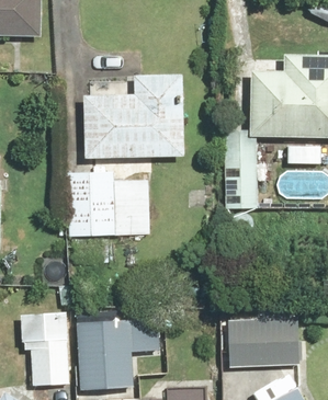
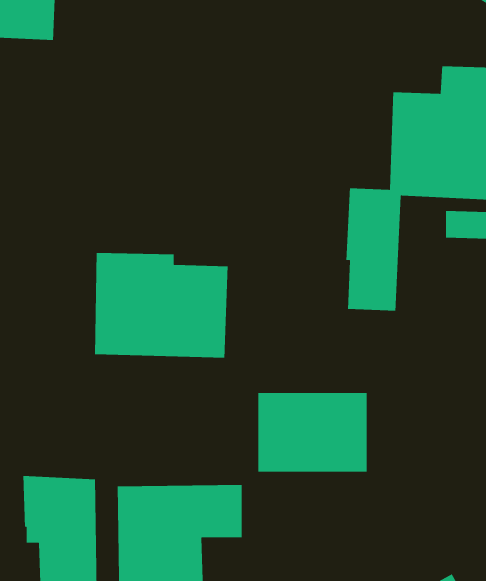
building: [83,75,183,158] -> none
building: [228,319,297,369] -> [257,392,367,472]

